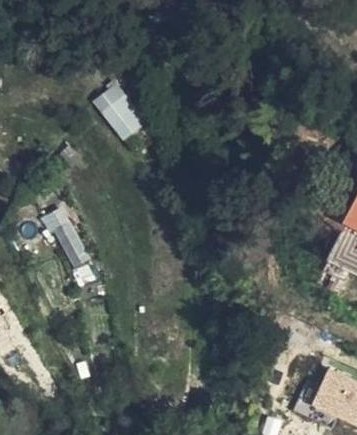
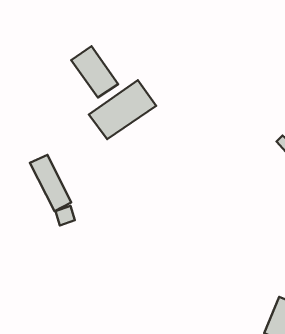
building: none -> [89,80,156,139]

